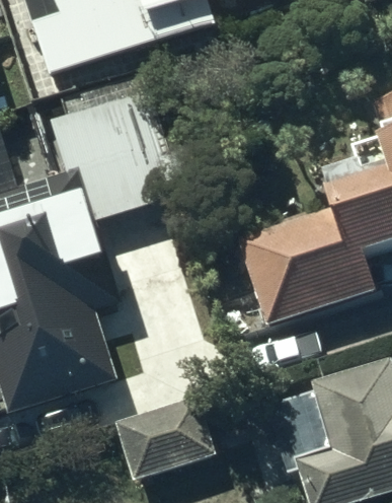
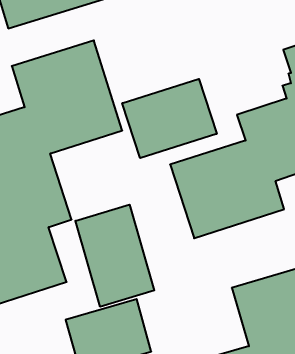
building: none -> [122,79,217,158]
building: none -> [75,205,154,307]

